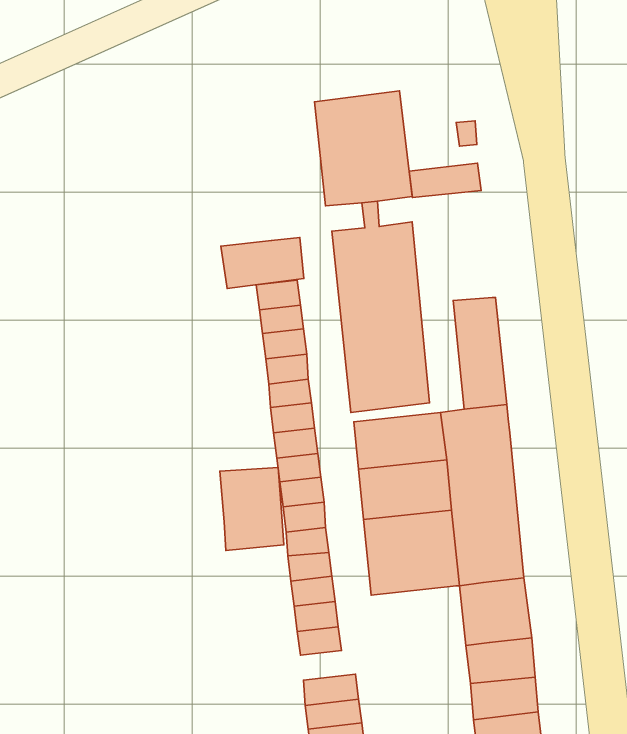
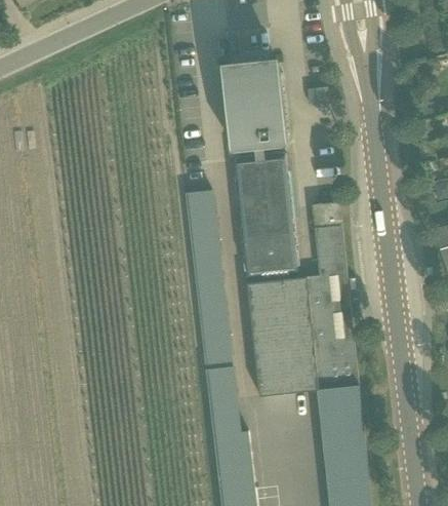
building: [409,163,481,197] -> none
building: [221,238,304,288] -> none
building: [220,467,284,550] -> none
building: none -> [213,431,249,452]

